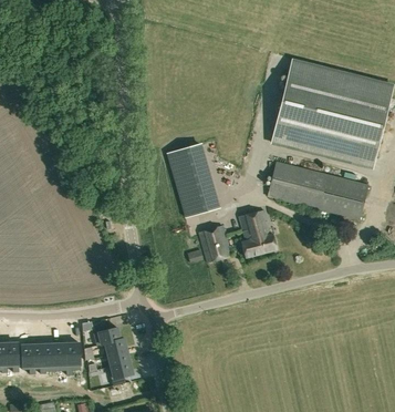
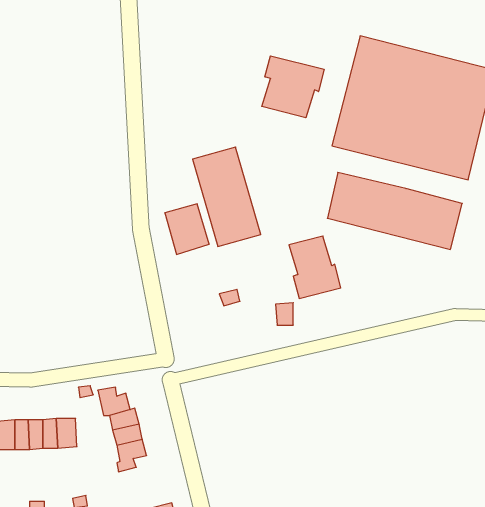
building: none -> [262,56,324,118]
building: [198,225,231,262] -> [165,204,209,254]

